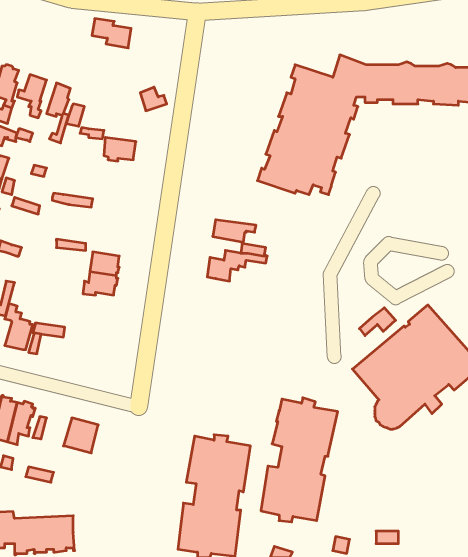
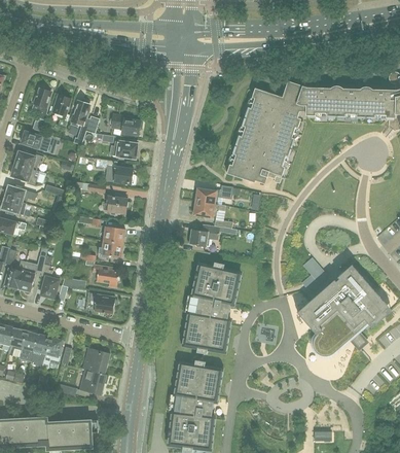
building: [92,19,131,48] -> [111,114,140,136]
building: none -> [96,159,135,183]
building: none -> [195,185,232,206]
building: none -> [103,193,130,215]
building: none -> [85,260,118,287]
building: none -> [84,292,117,316]
building: [261,398,338,522] -> [183,262,240,353]
building: none -> [79,369,107,395]

